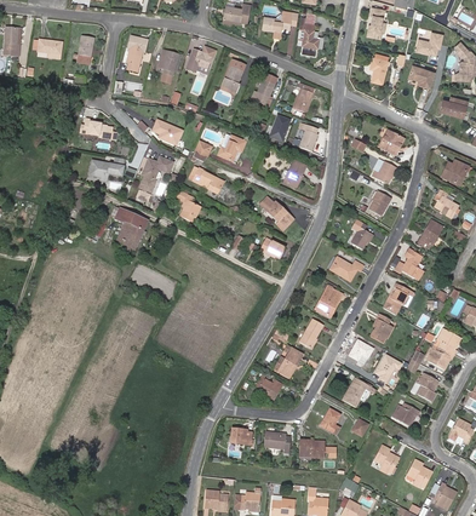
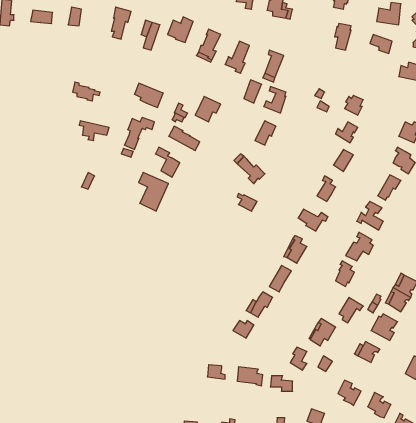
building: [115,207,148,250] -> [139,172,168,211]

